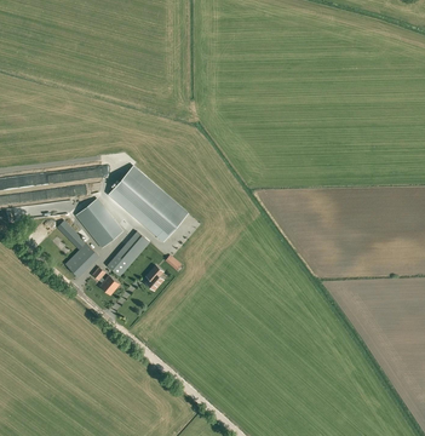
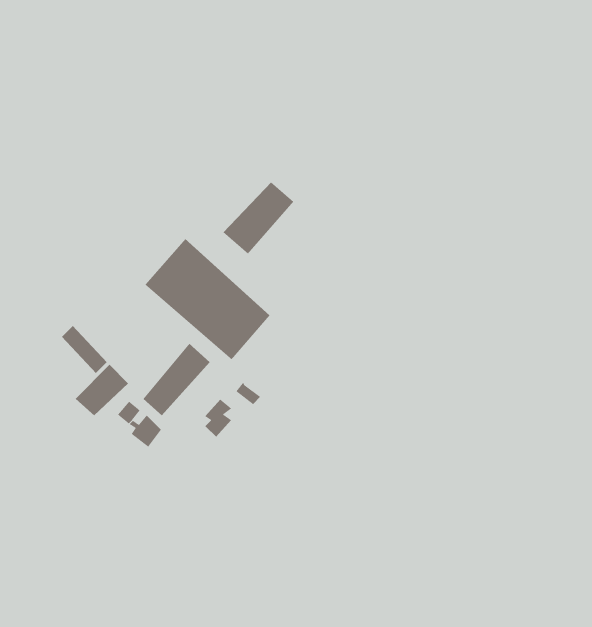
building: none -> [222,182,294,254]
building: [75,199,122,248] -> none

